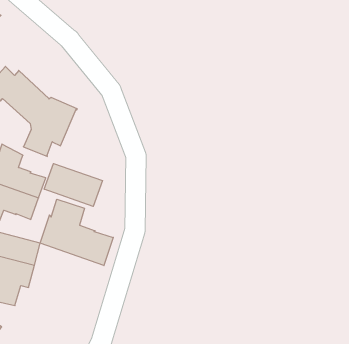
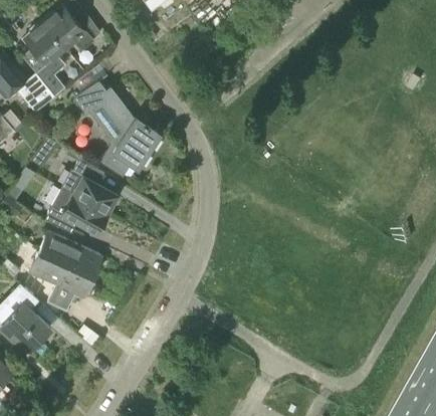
building: [44,164,102,206] -> none
building: [40,199,113,266] -> none

